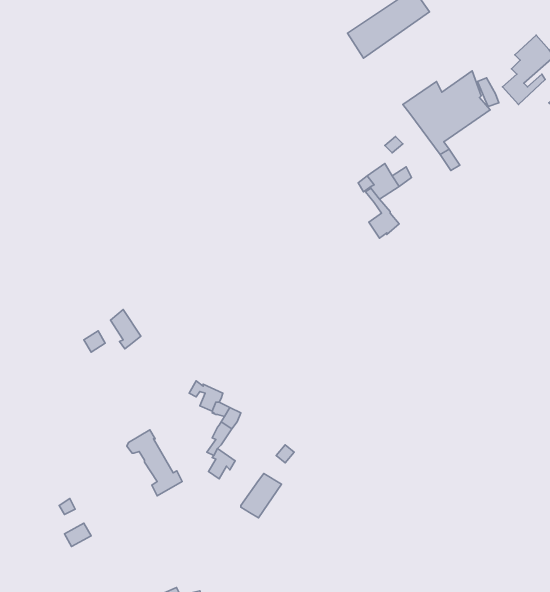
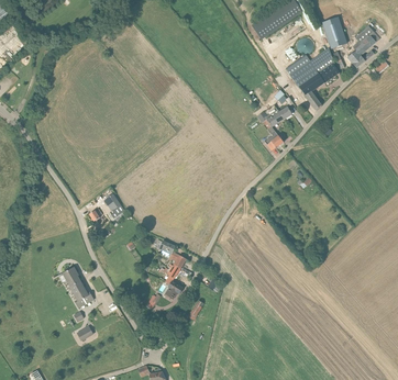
building: none -> [323,18,347,49]
building: [127,430,182,496] -> [58,267,92,308]

